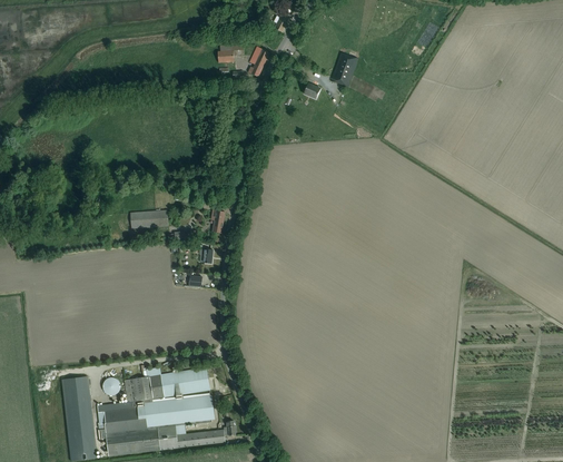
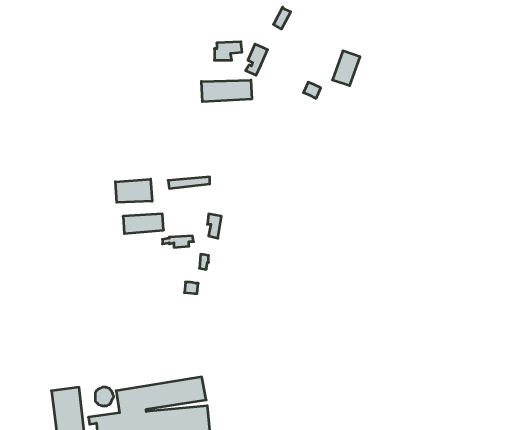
building: none -> [201,80,252,102]
building: none -> [115,179,152,202]

